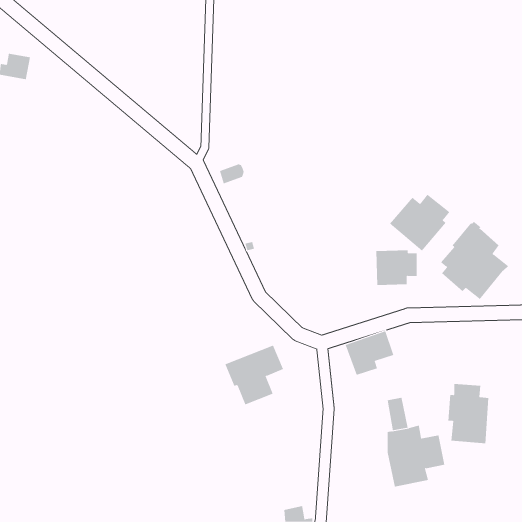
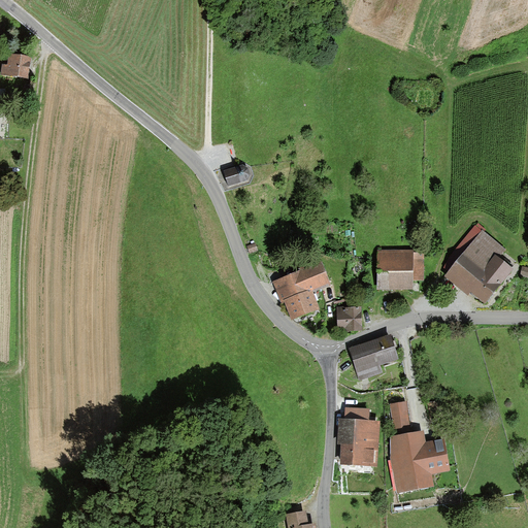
building: [389,194,450,251] -> none
building: none -> [337,310,360,330]
building: [225,345,284,405] -> [271,262,331,323]
building: [447,383,489,444] -> [336,407,378,468]

